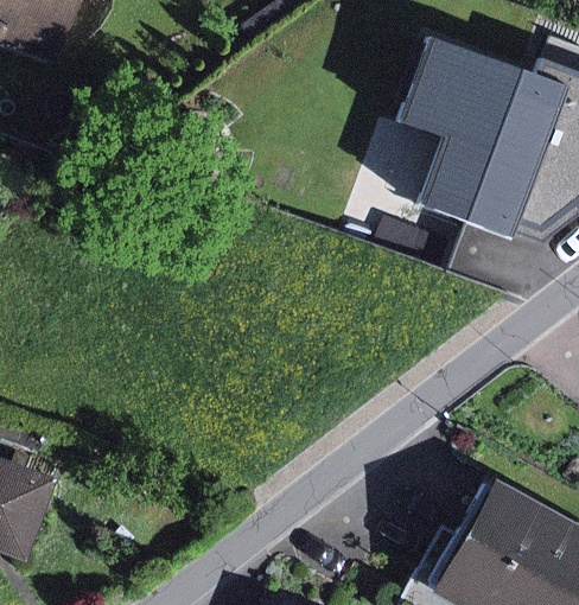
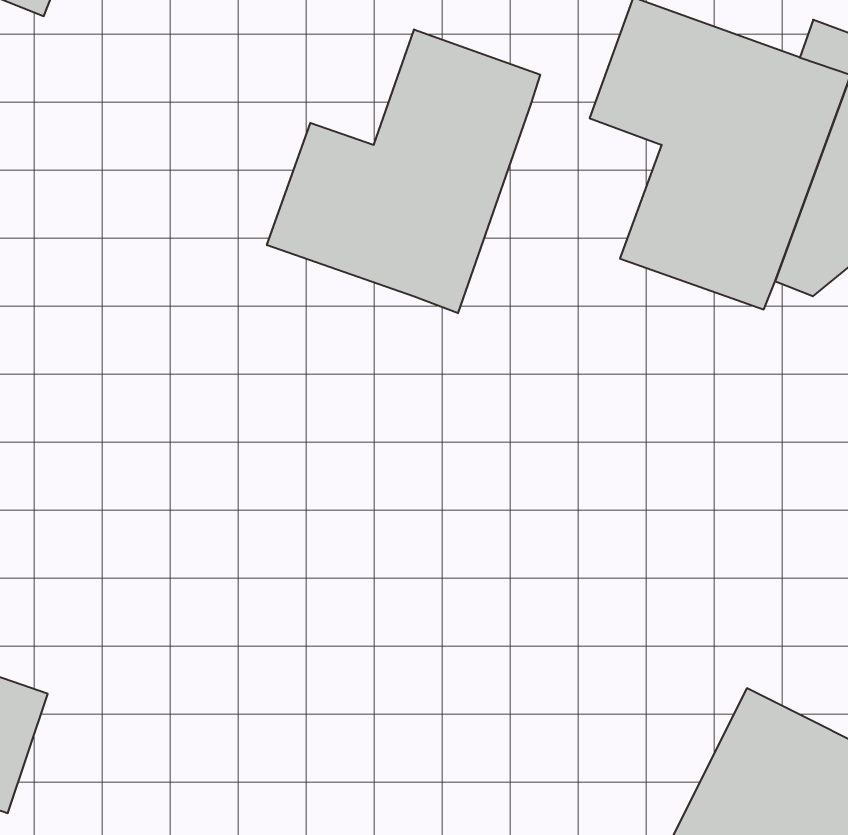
building: none -> [267,29,540,313]

